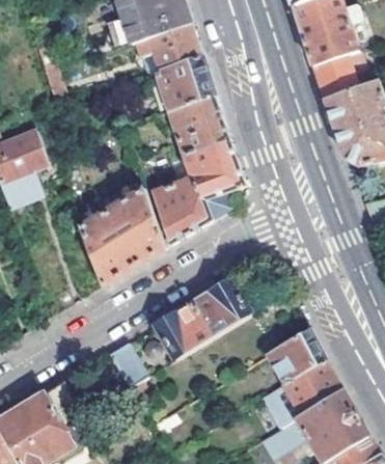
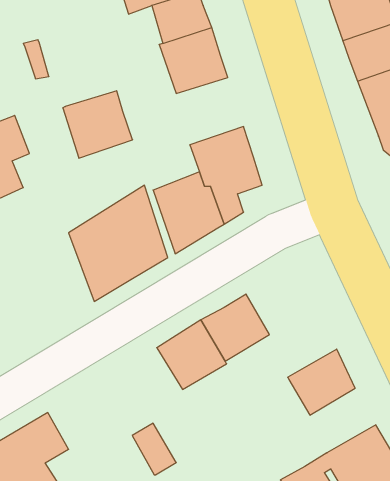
building: [169,94,228,152] -> [63,91,133,158]
building: [109,340,146,384] -> [132,423,176,475]
building: [262,358,340,425] -> none

